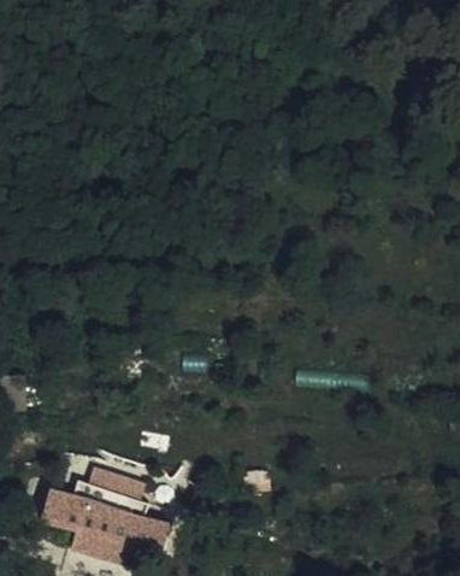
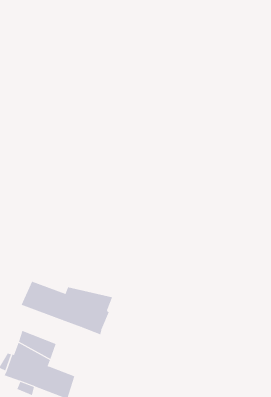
building: none -> [21,281,113,335]

